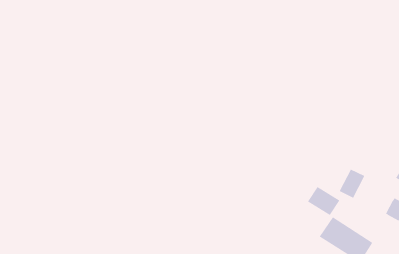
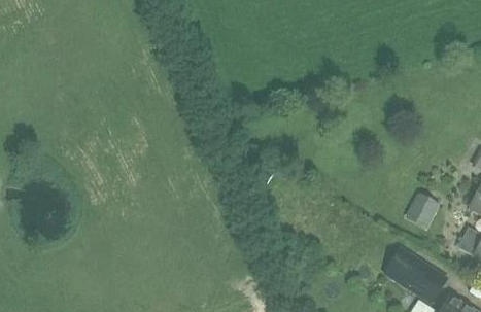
building: [307,186,340,216] -> none

